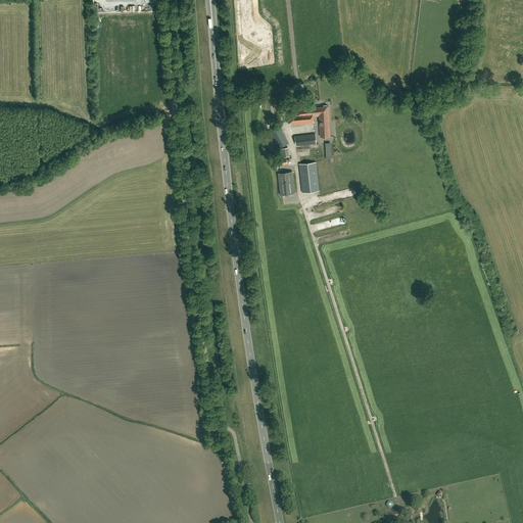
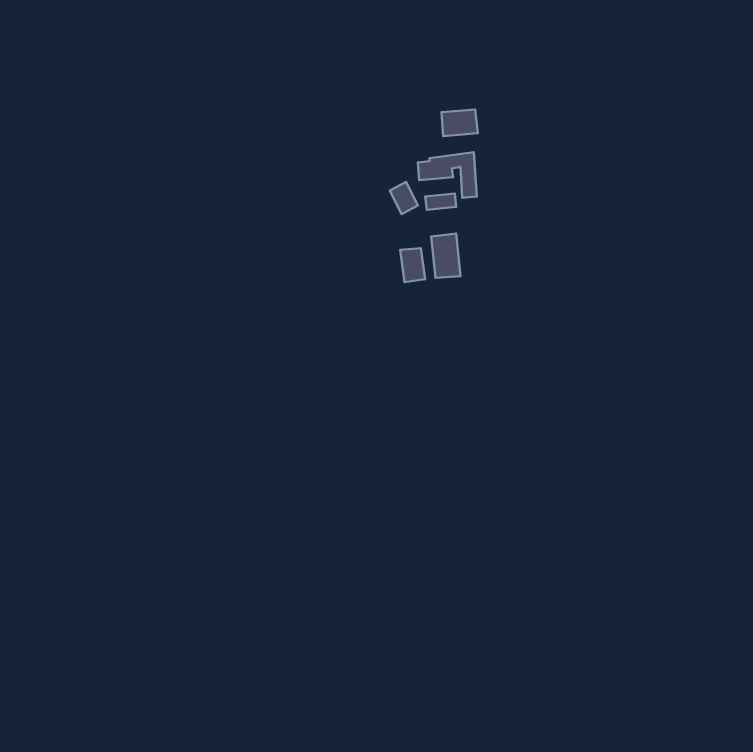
building: none -> [442,109,478,136]

